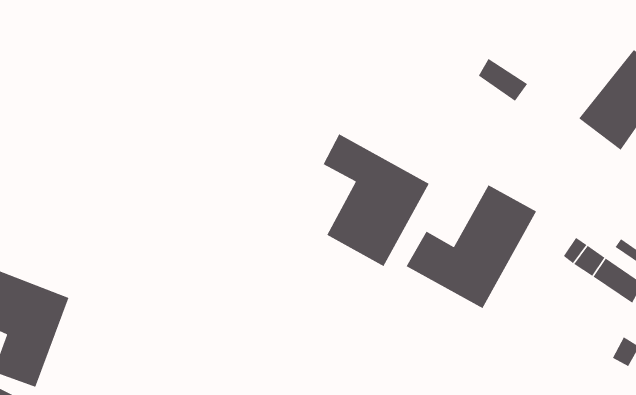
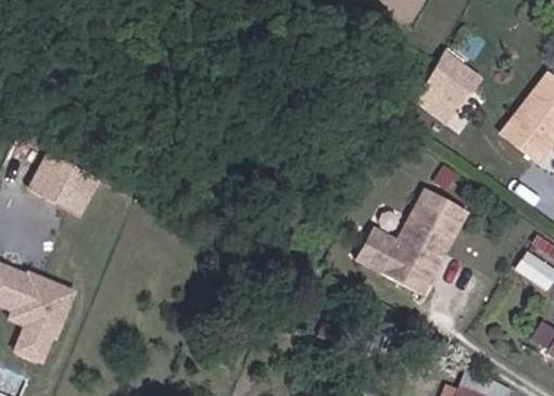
building: none -> [426,53,478,105]
building: [322,133,430,267] -> none
building: none -> [23,158,92,215]

